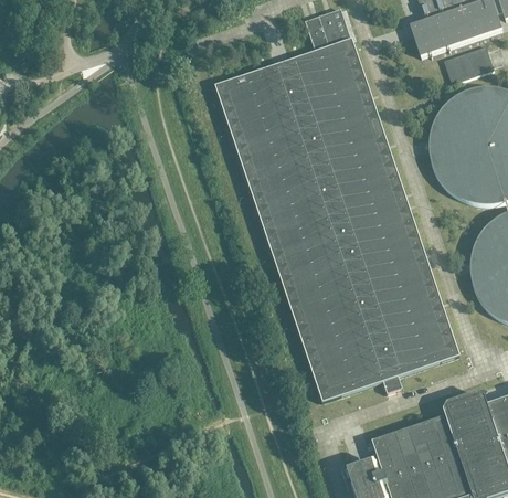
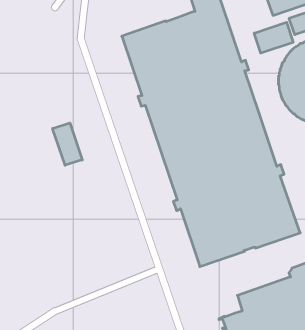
building: none -> [254,22,293,53]
building: none -> [53,123,82,165]

